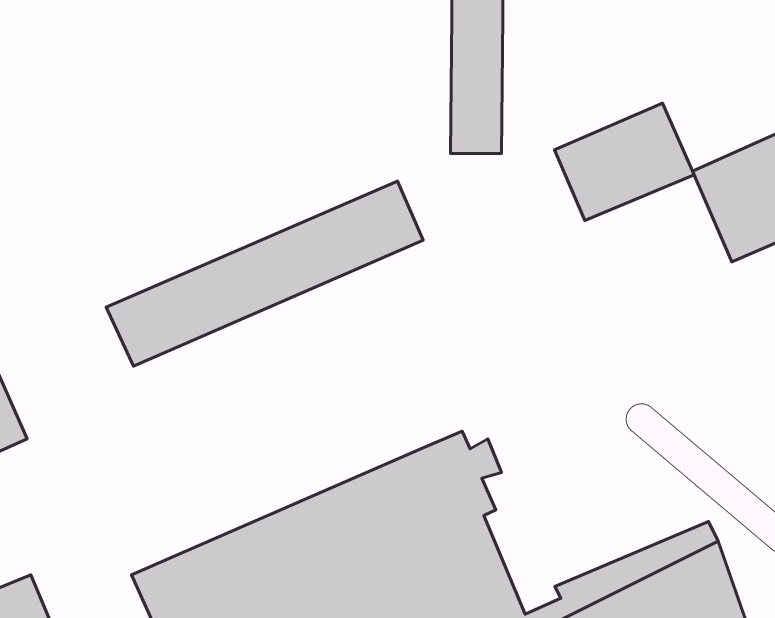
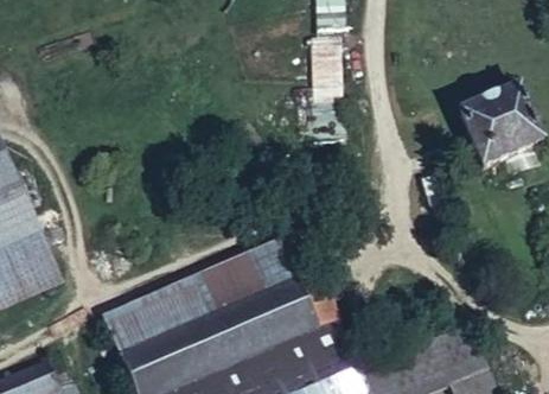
building: [554,103,694,221] -> none
building: [106,181,423,366] -> [103,243,294,355]

